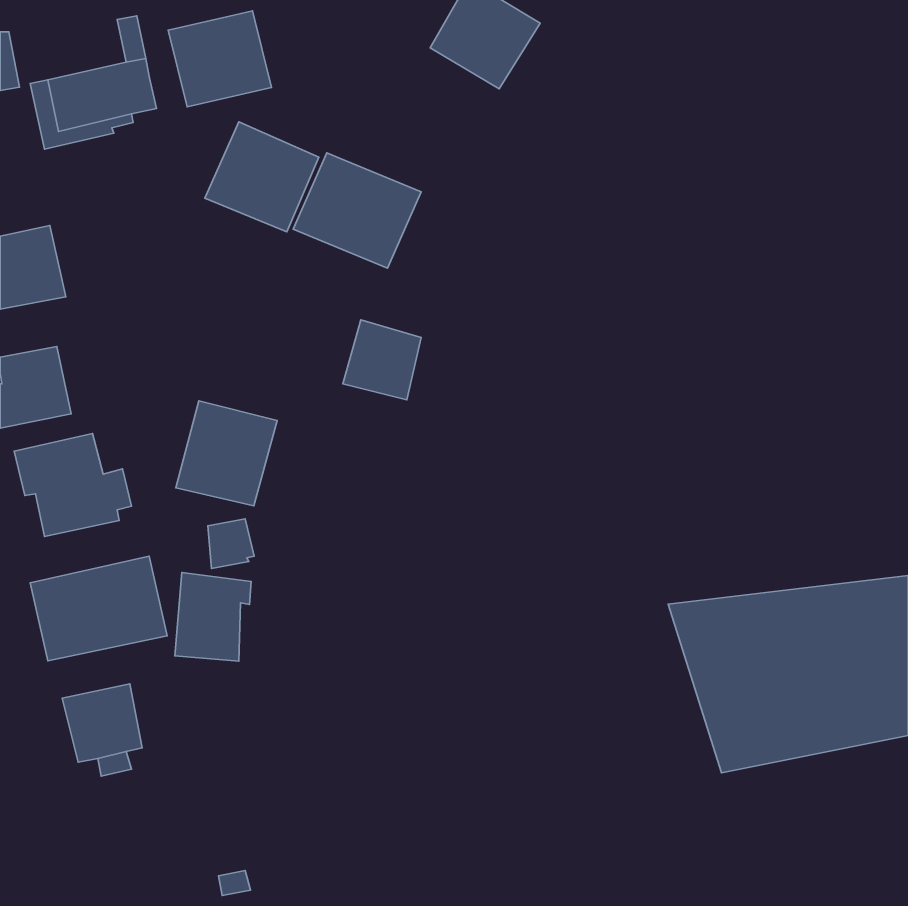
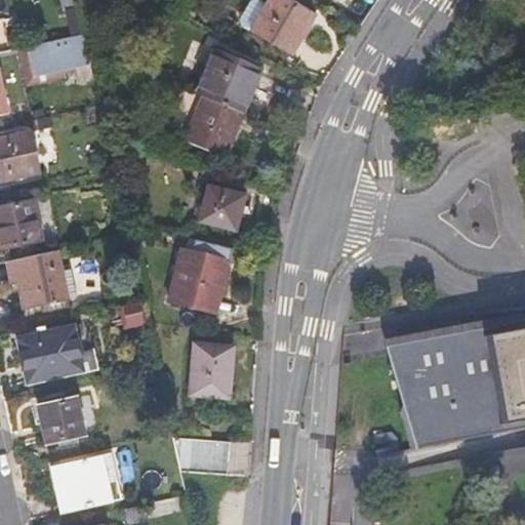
building: [168,11,271,107] -> none
building: [205,122,319,232] -> [196,47,261,111]
building: [176,401,277,506] -> [170,250,229,311]
building: [175,572,251,661] -> [189,341,233,393]
building: none -> [174,432,225,473]
building: none -> [50,450,120,509]

